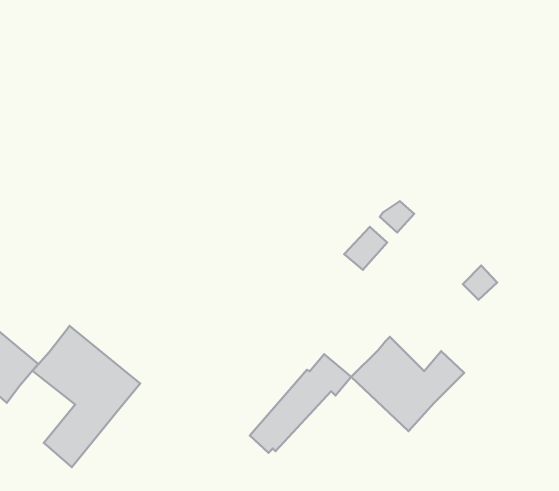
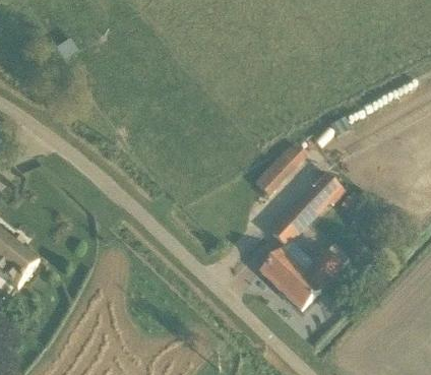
building: [32,326,140,467] -> none
building: [250,354,351,453] -> [271,174,344,244]

